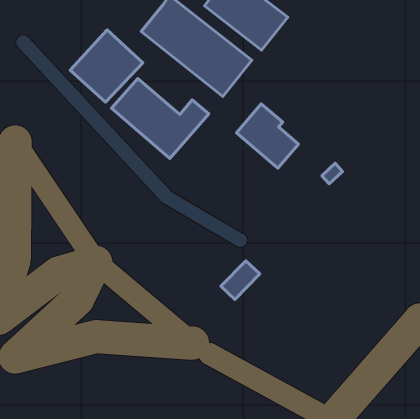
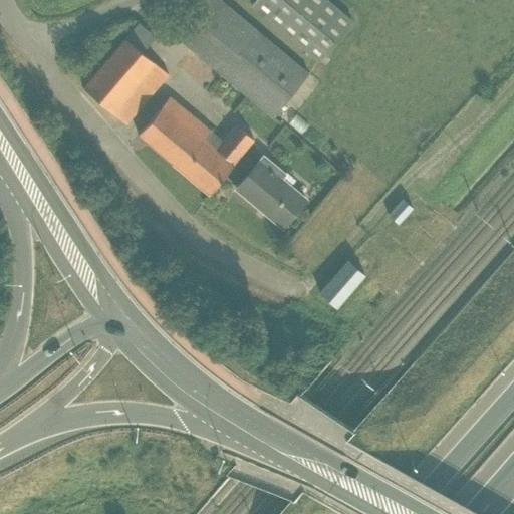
building: [236,104,298,168] -> [236,152,311,230]
building: [221,261,260,300] -> [323,259,370,306]

